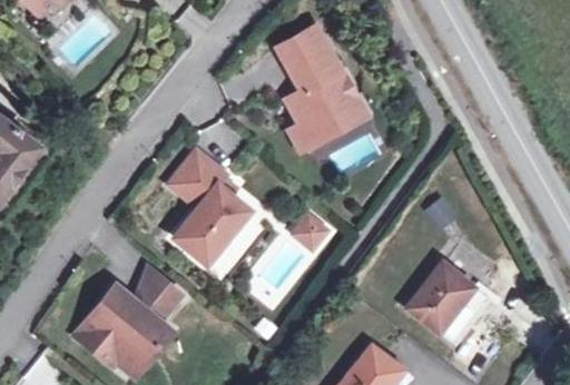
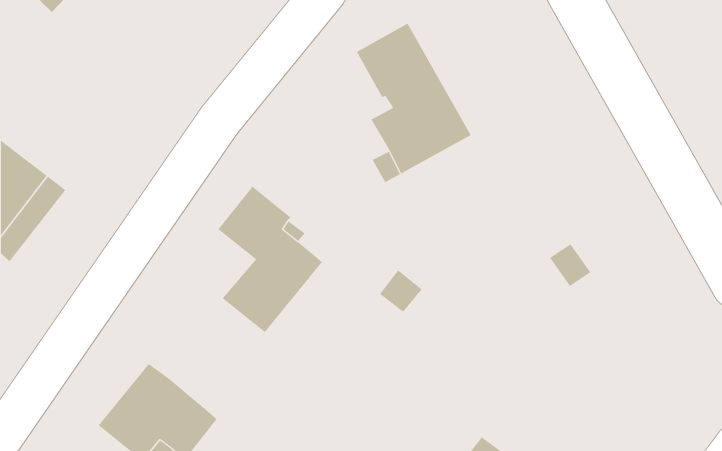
building: [406,263,488,344] -> none
building: [131,267,181,324] -> none

